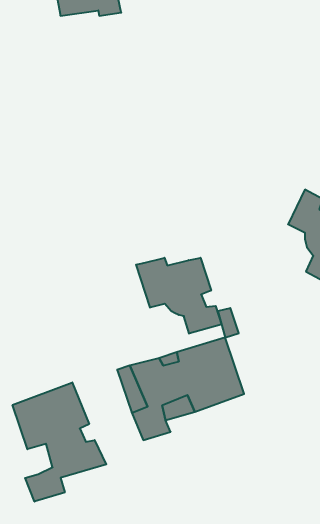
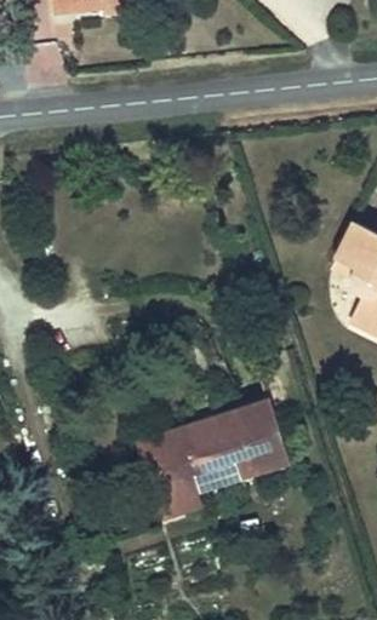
building: [136,258,222,334] -> none
building: [13,382,106,502] -> none

